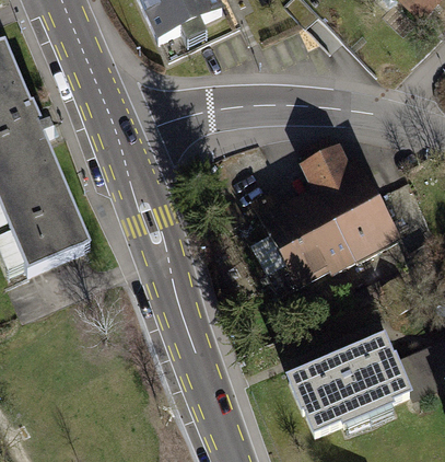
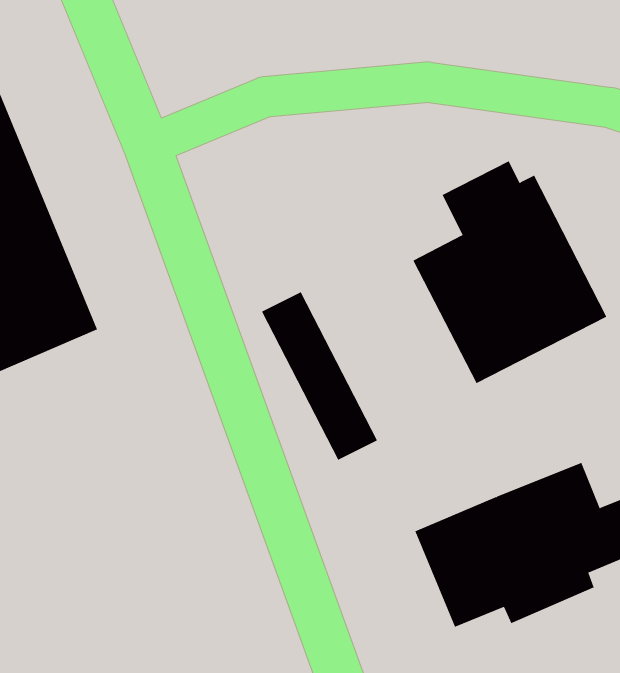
building: [250,190,320,292] -> [261,291,378,460]

